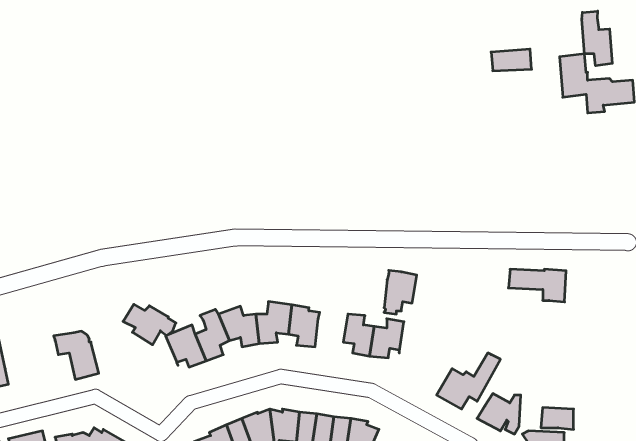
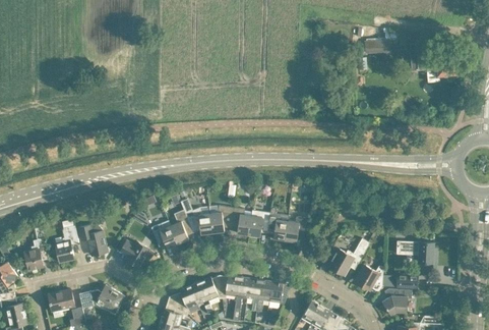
building: [582,11,612,66] -> none
building: [508,269,566,302] -> [395,241,433,263]
building: [384,270,417,314] -> [248,210,269,238]
building: [123,304,176,345] -> [119,240,154,267]
building: none -> [55,225,78,263]

